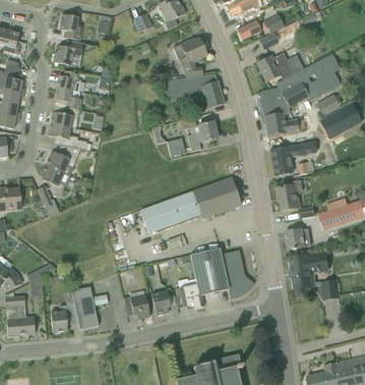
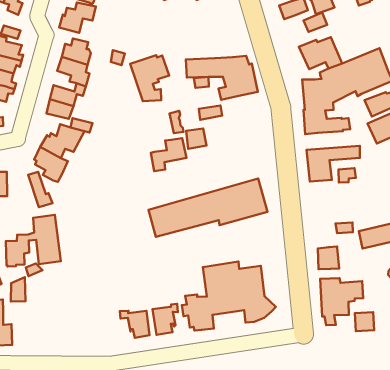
building: [173,38,206,77] -> [130,55,169,101]
building: [187,121,218,151] -> [151,138,187,171]
building: [277,179,303,210] -> none
building: [50,286,98,333] -> [6,215,61,267]

